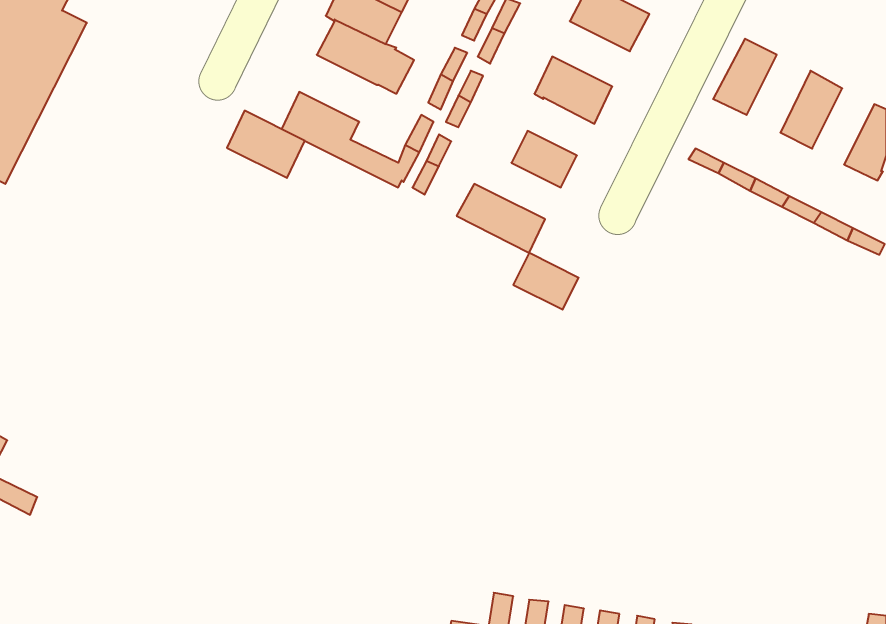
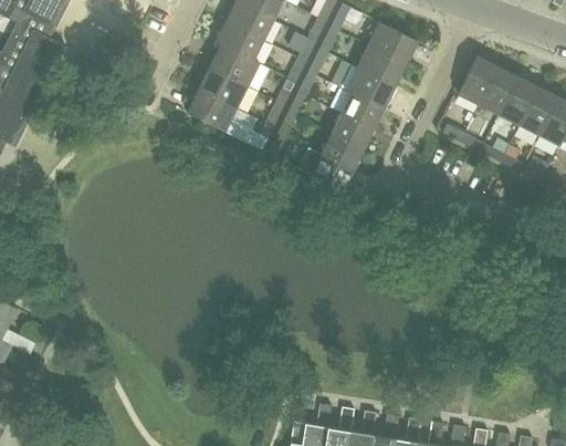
building: none -> [356,45,405,86]
building: none -> [478,66,517,115]
building: none -> [518,87,557,135]
building: none -> [340,93,382,129]
building: [227,111,305,178] -> [198,66,247,108]
building: [513,253,579,310] -> [321,134,361,169]

